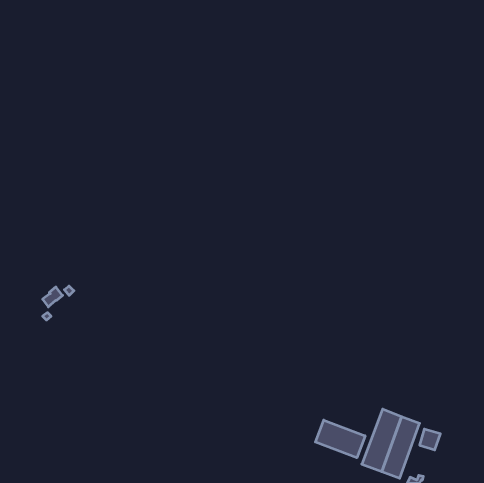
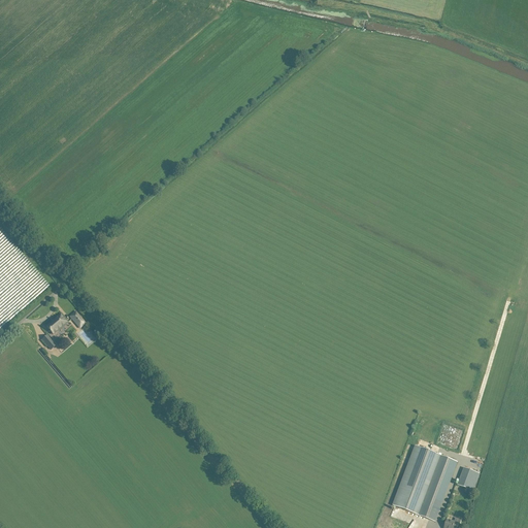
building: [315,420,365,458] -> none

